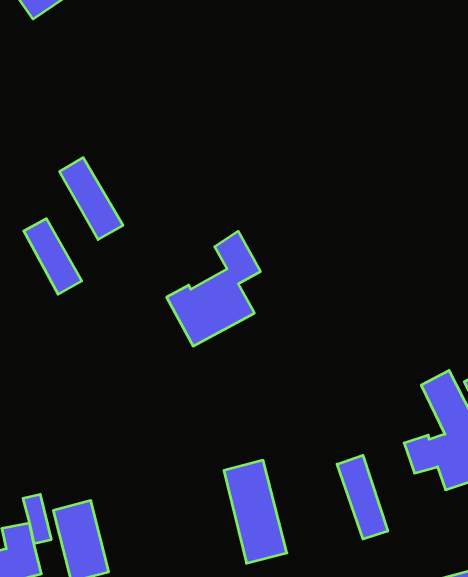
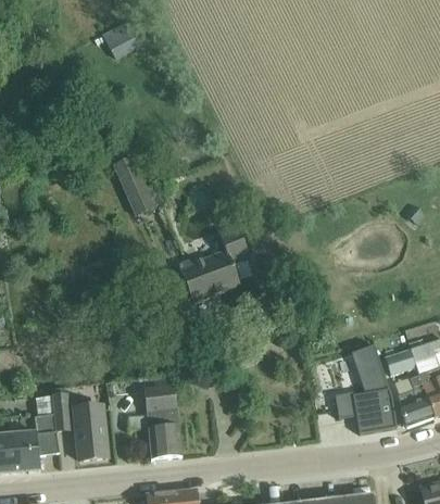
building: [24,219,82,294] -> none
building: [337,455,388,539] -> none
building: [224,460,287,563] -> [144,386,181,458]

